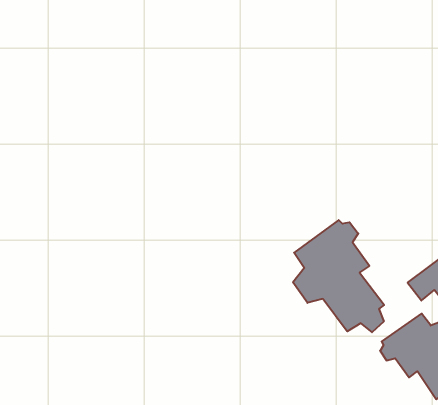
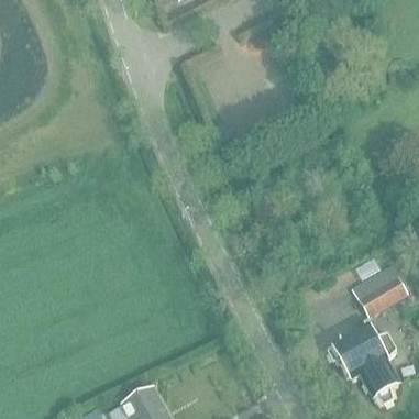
building: [293,220,384,332] -> none

